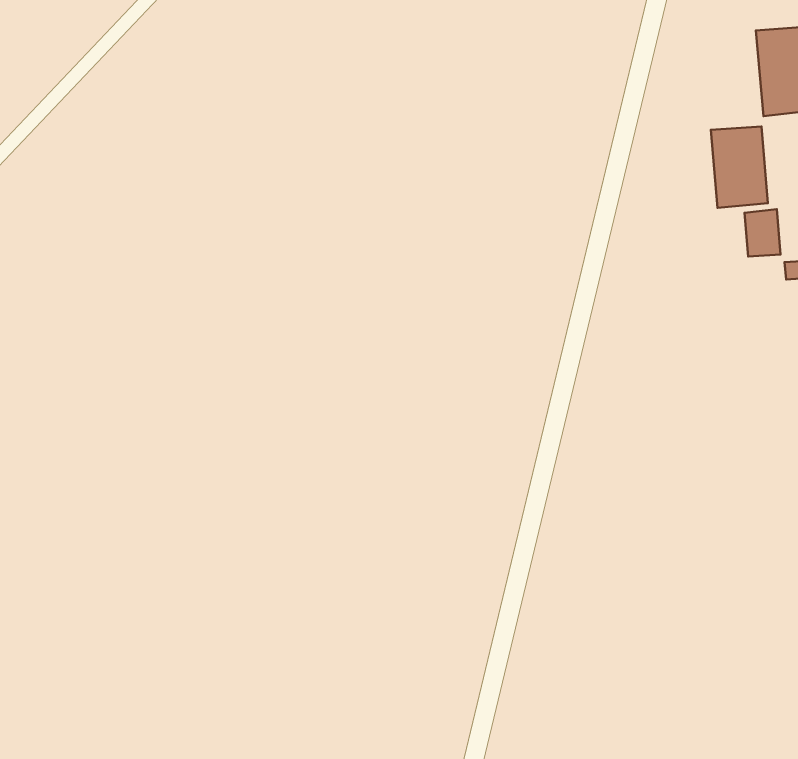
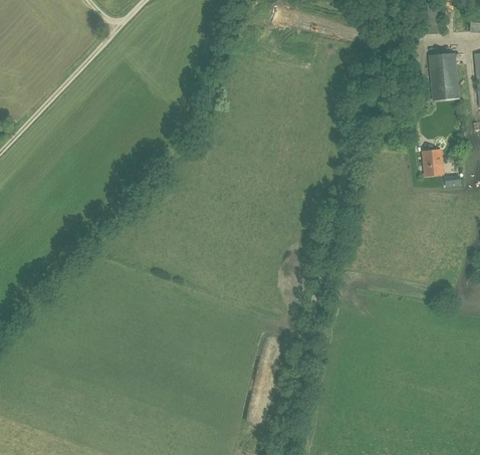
building: [711,127,768,208] -> none

